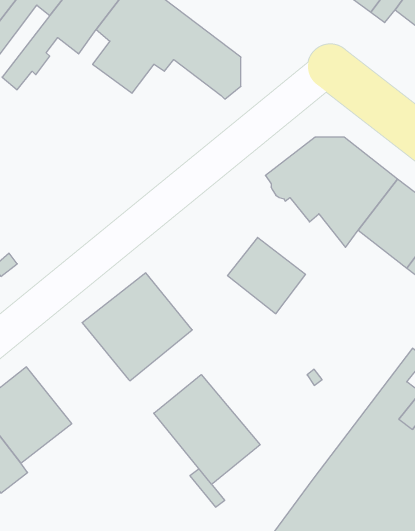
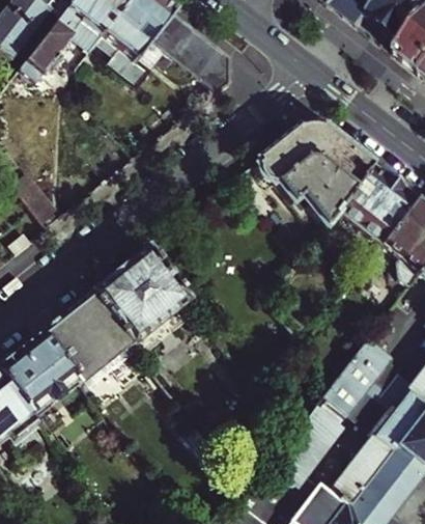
building: [228,237,305,314] -> none
building: none -> [42,292,134,388]
building: [154,375,260,484] -> none

